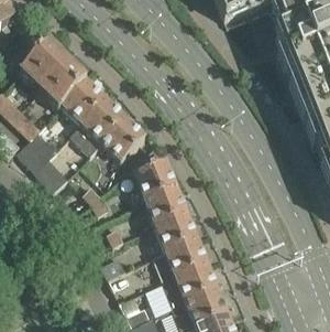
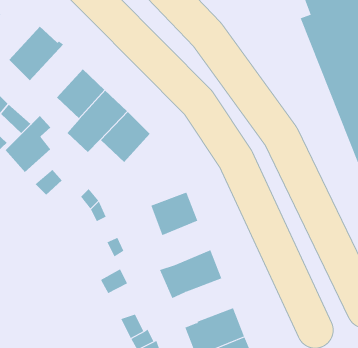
building: [40,57,87,107] -> none
building: [132,148,177,199] -> none
building: [155,212,198,250] -> none
building: [145,263,218,314] -> none

